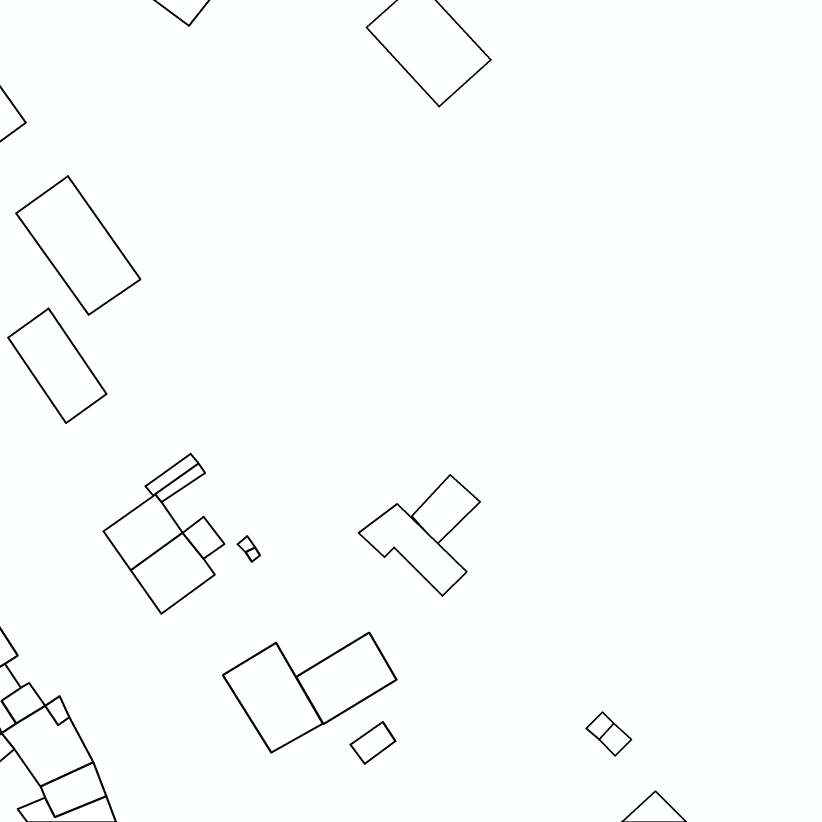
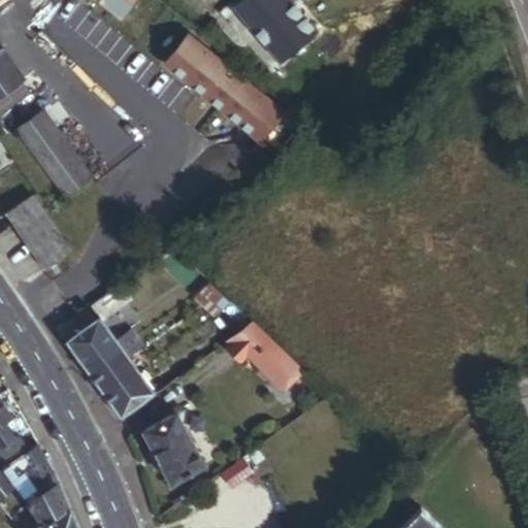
building: none -> [165,38,282,155]
building: [412,475,480,543] -> none
building: none -> [103,367,156,418]
building: [296,633,397,724] -> none

